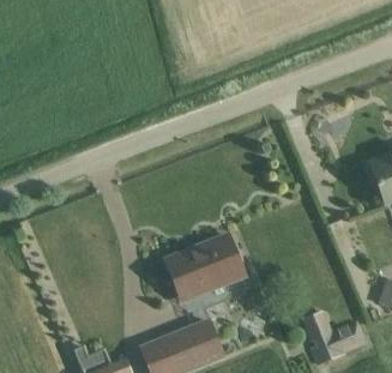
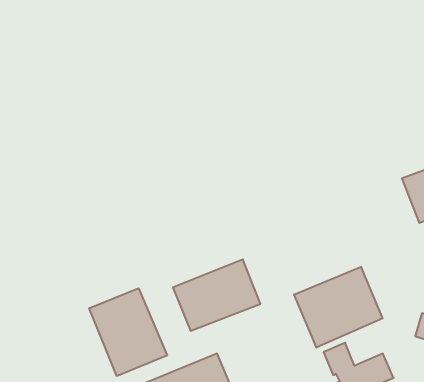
building: none -> [294,267,382,348]
building: none -> [89,288,167,376]

